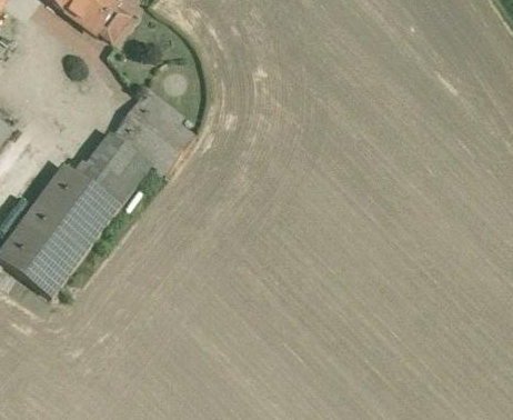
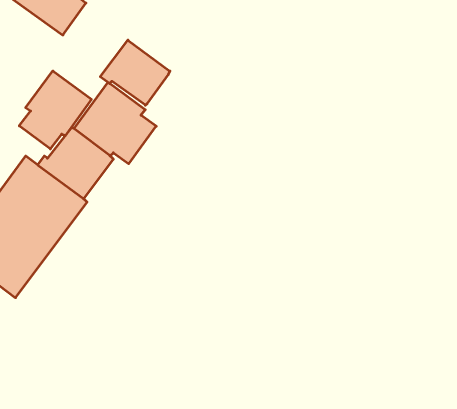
building: none -> [100,40,170,105]
building: none -> [19,71,91,149]

